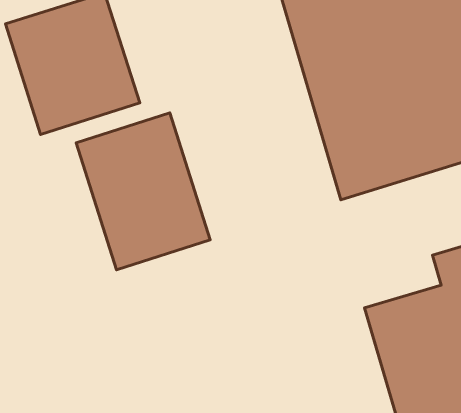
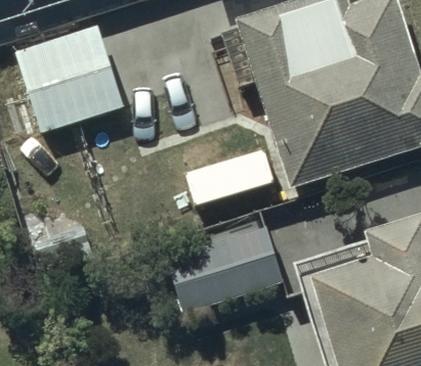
building: [76,113,210,270] -> none
building: none -> [162,216,281,312]

